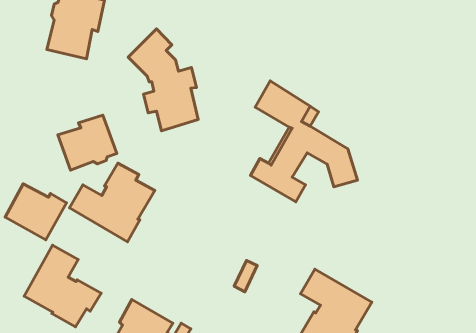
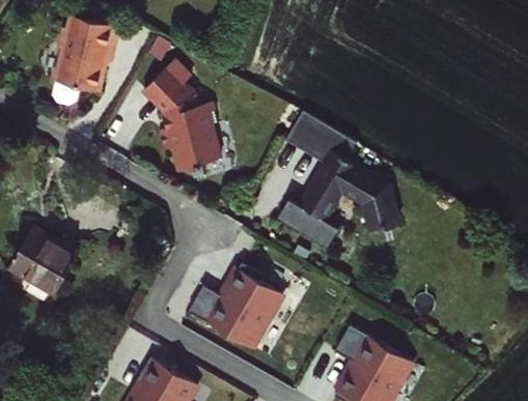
building: [58,115,117,170] -> none
building: [70,163,155,242] -> [187,262,280,348]
building: [24,245,101,327] -> none

